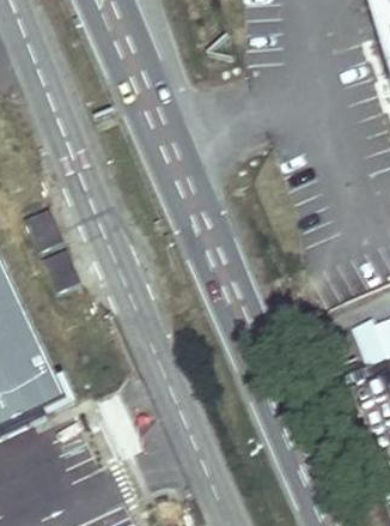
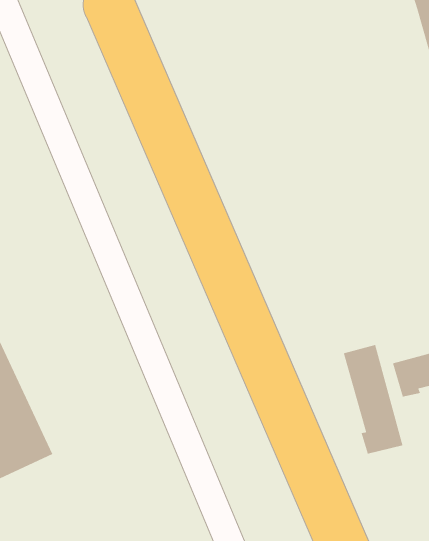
building: none -> [343,344,403,455]

